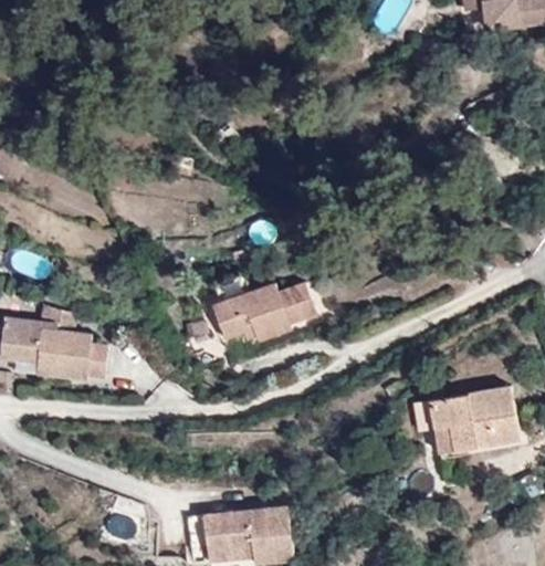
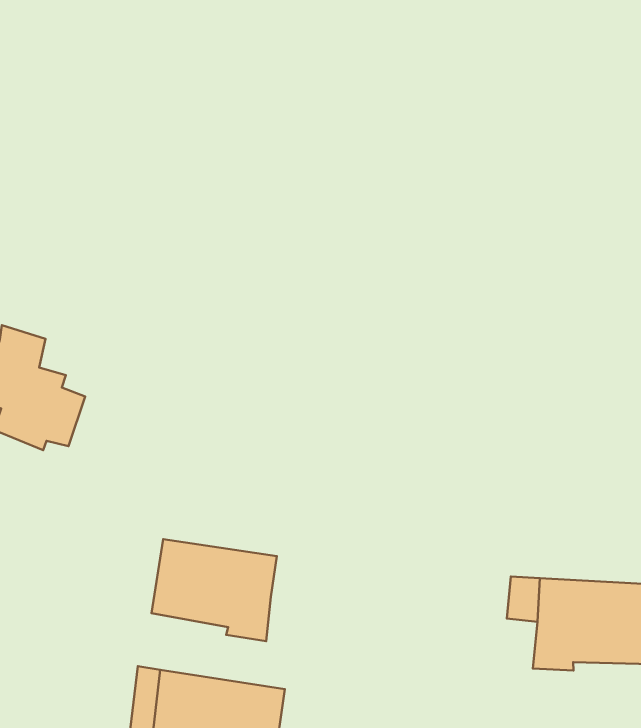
building: [212,285,315,348] -> none
building: none -> [151,539,277,641]

